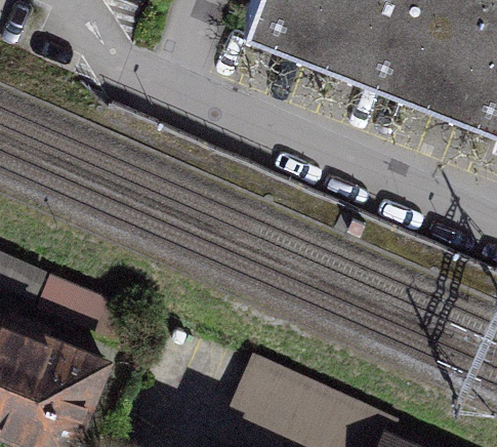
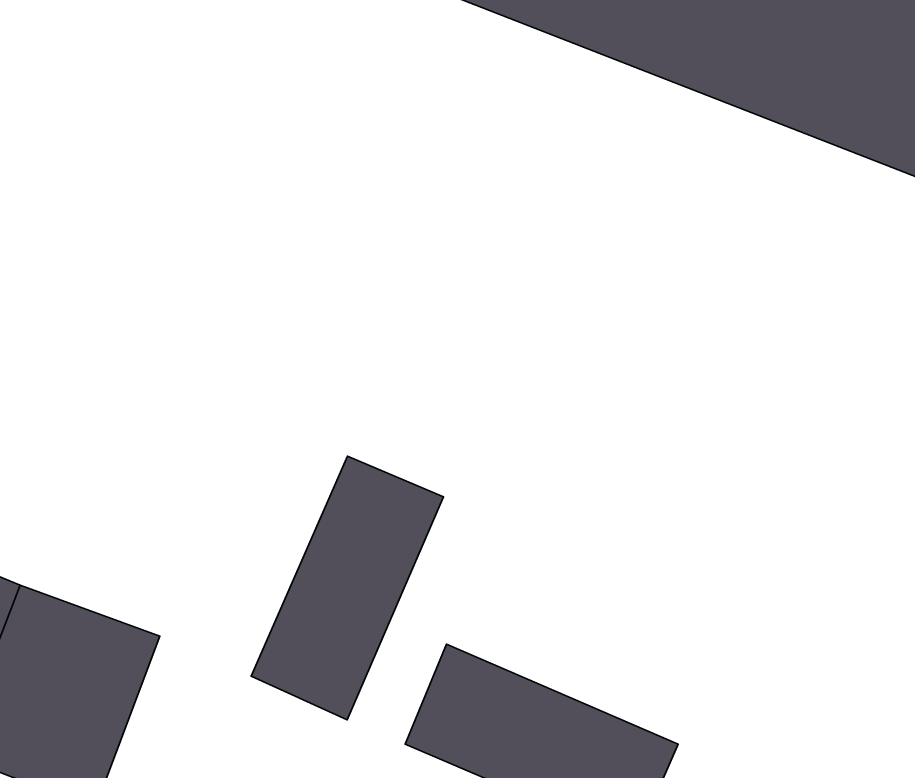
building: none -> [251,456,444,720]

